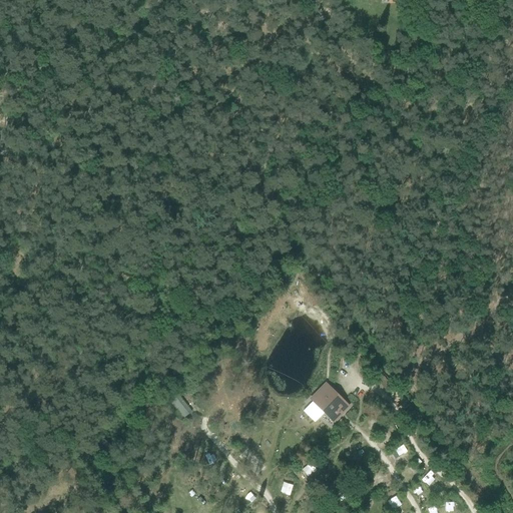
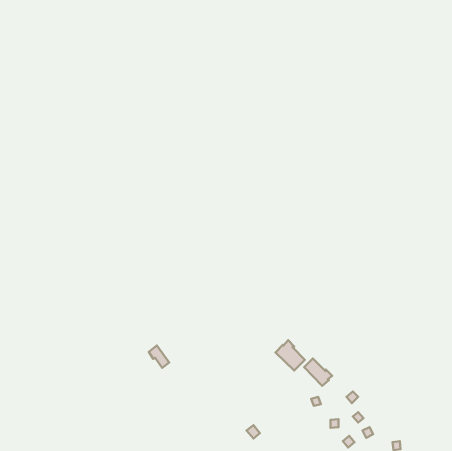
building: none -> [304,358,332,386]

